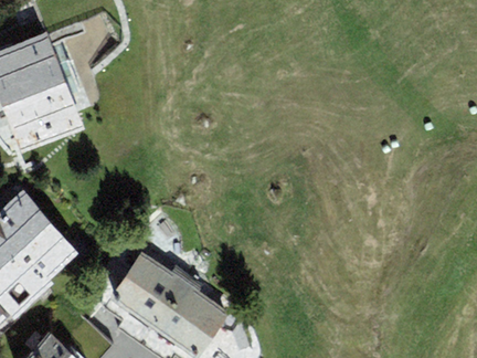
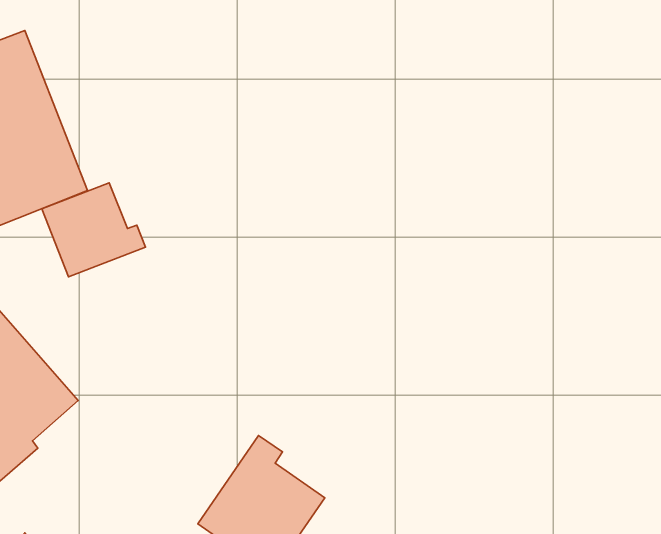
building: none -> [42,183,145,277]
building: [108,251,189,328] -> none

